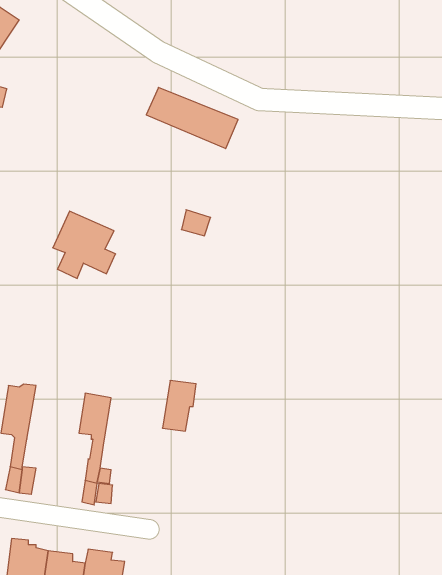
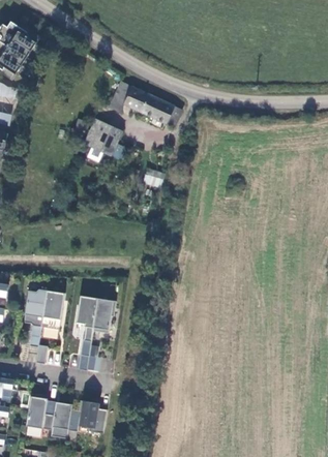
building: [53,211,116,278] -> [82,119,124,164]
building: [162,381,196,431] -> [92,299,115,333]
building: none -> [40,291,64,330]

